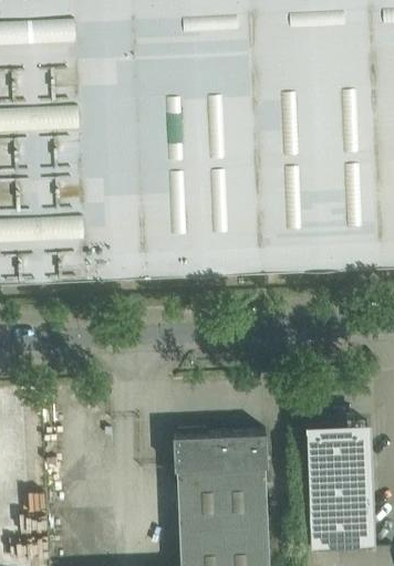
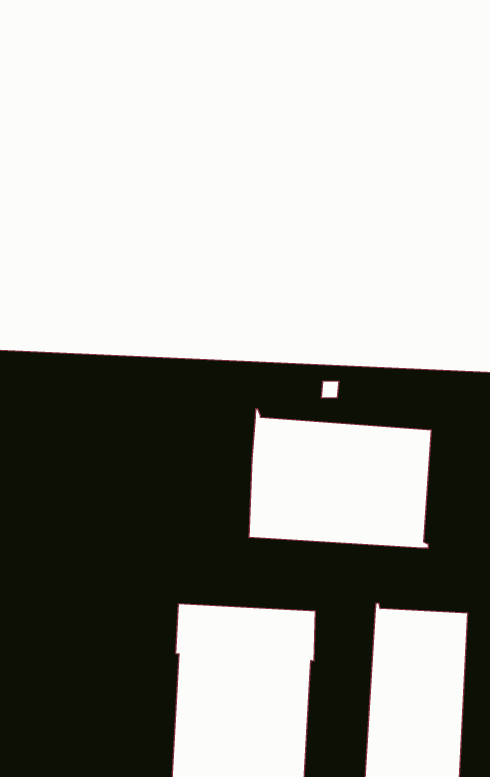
building: none -> [249,409,431,548]

